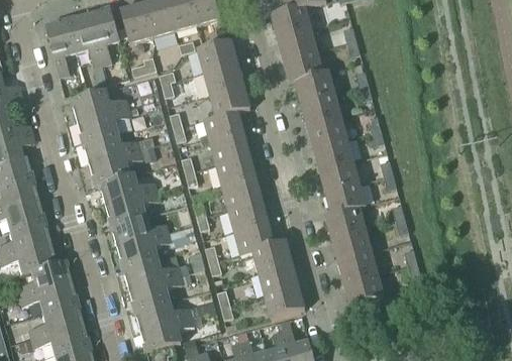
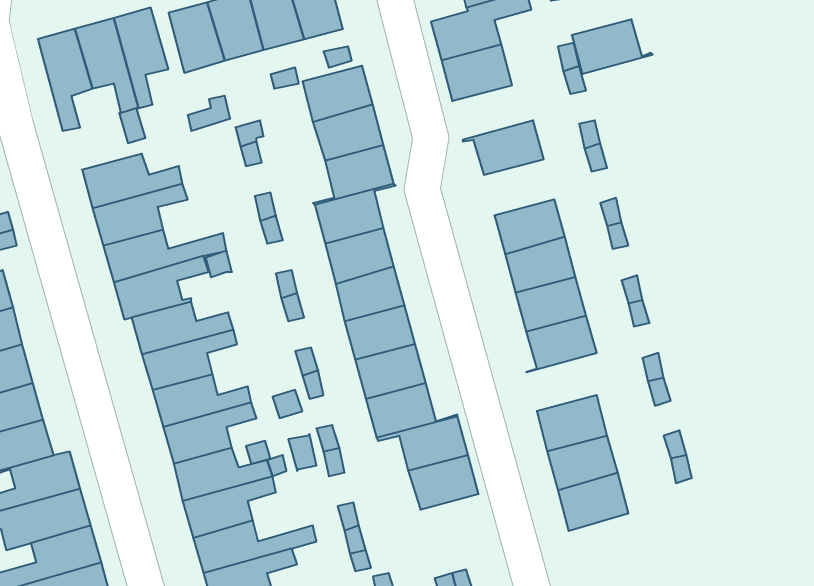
building: [283,50,329,82] -> [572,19,653,74]
building: [301,93,341,125] -> none
building: [325,204,366,237] -> none
building: [265,284,305,318] -> none

